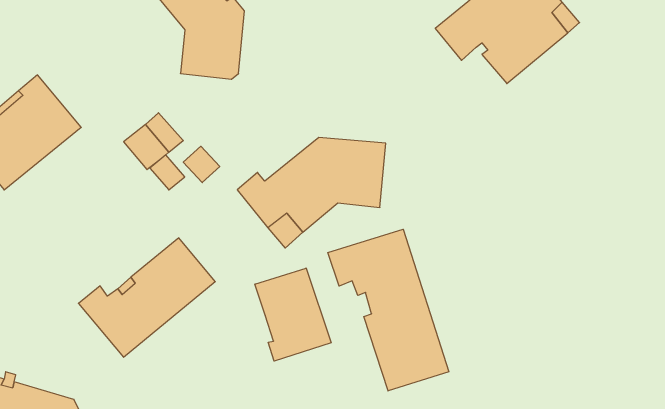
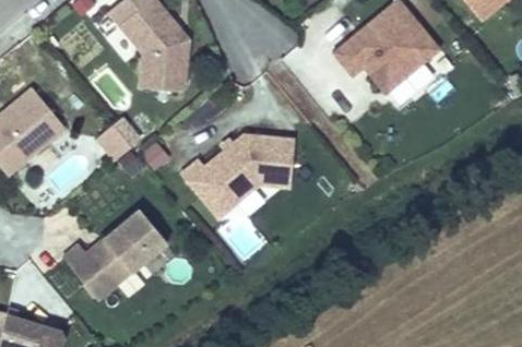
building: [328,229,449,391] -> none
building: [255,268,331,361] -> none

